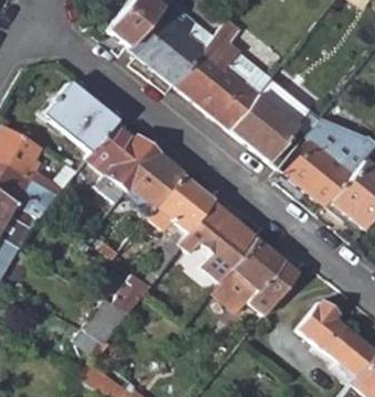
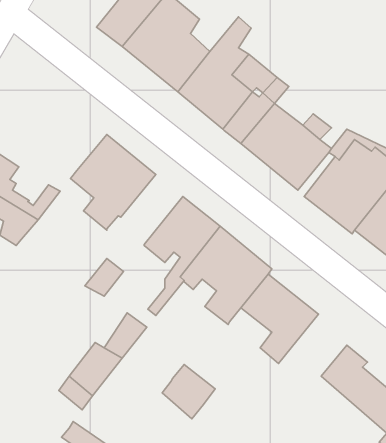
building: [45,83,117,152] -> none
building: [127,155,182,215] -> none
building: [213,269,258,315] -> [162,364,215,419]

